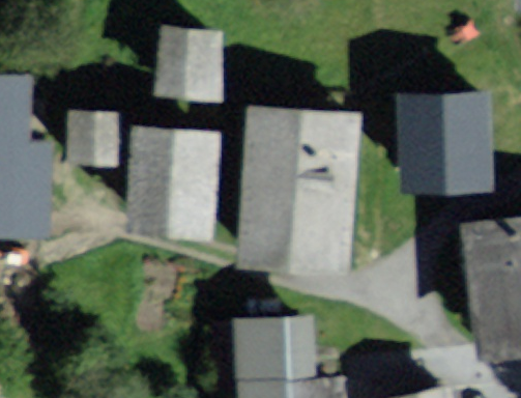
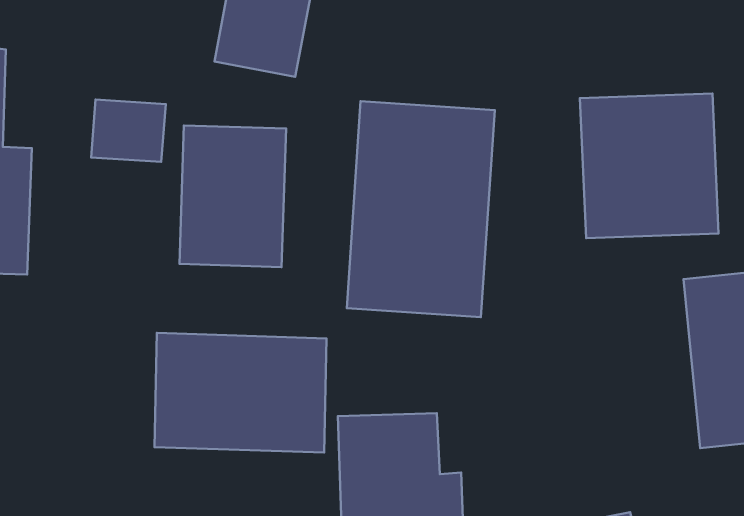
building: none -> [154,333,327,453]

